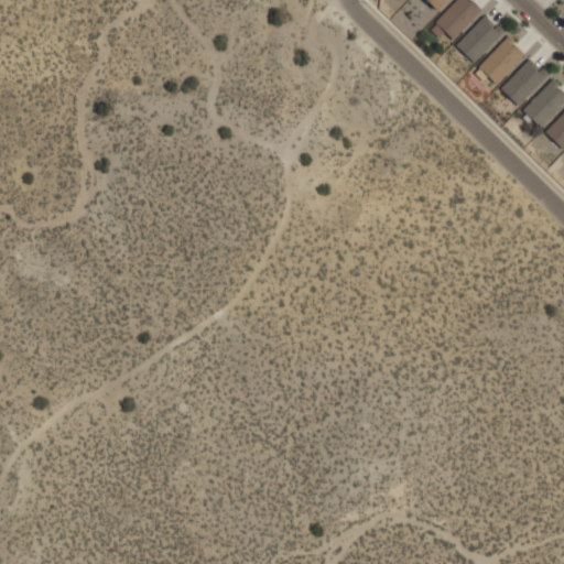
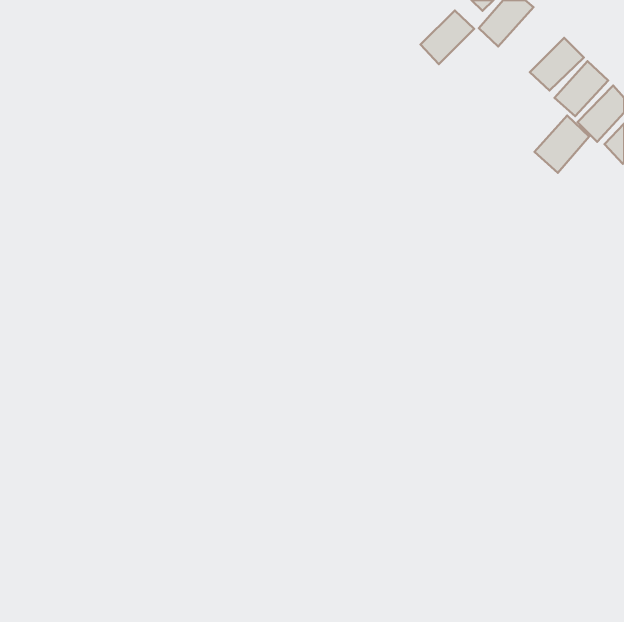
building: [456,14,505,63] -> [421,10,474,64]
building: none -> [535,116,589,173]

